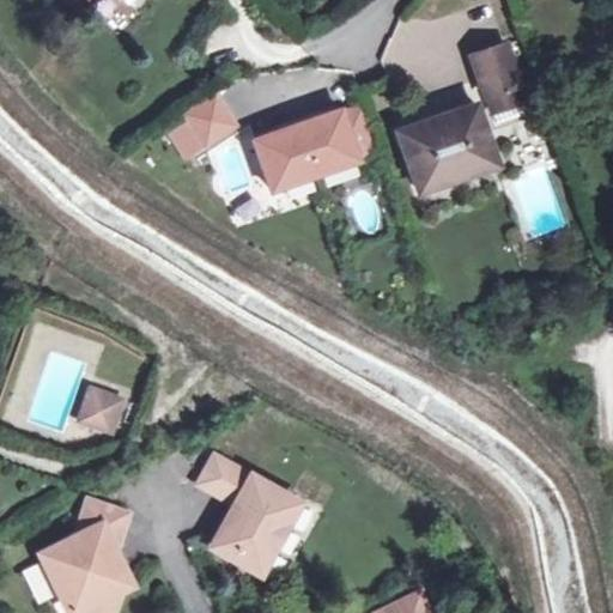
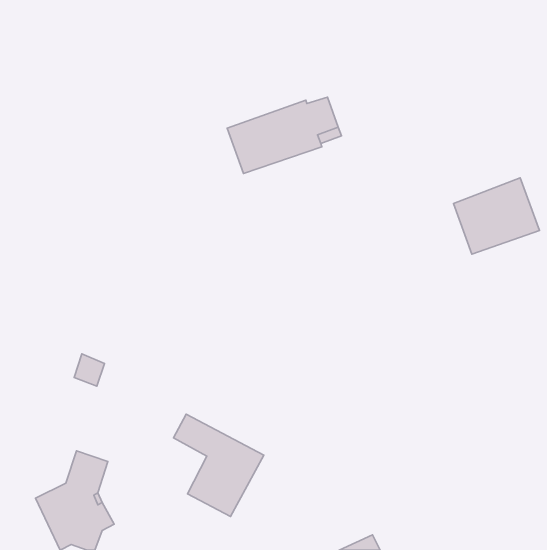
building: [474,40,523,92] -> none
building: [183,96,235,146] -> none
building: [405,102,500,187] -> [453,178,540,254]

